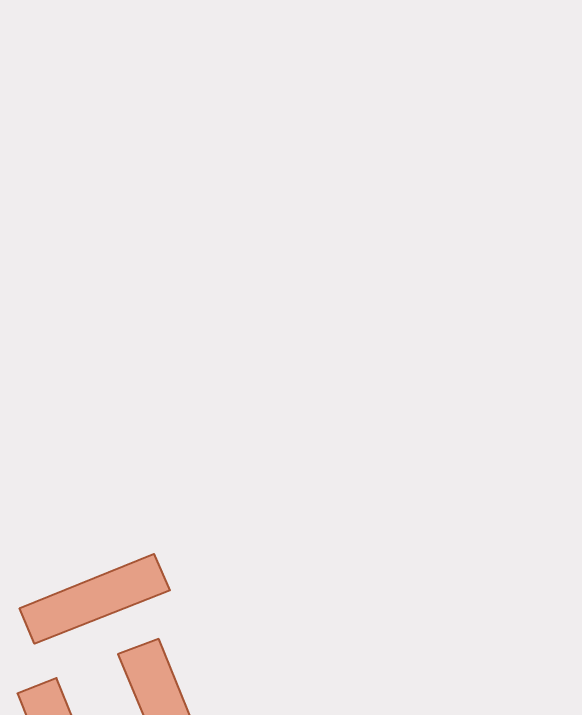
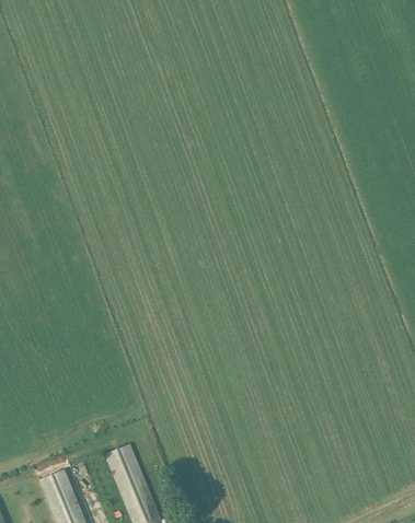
building: [20,554,170,644] -> none

